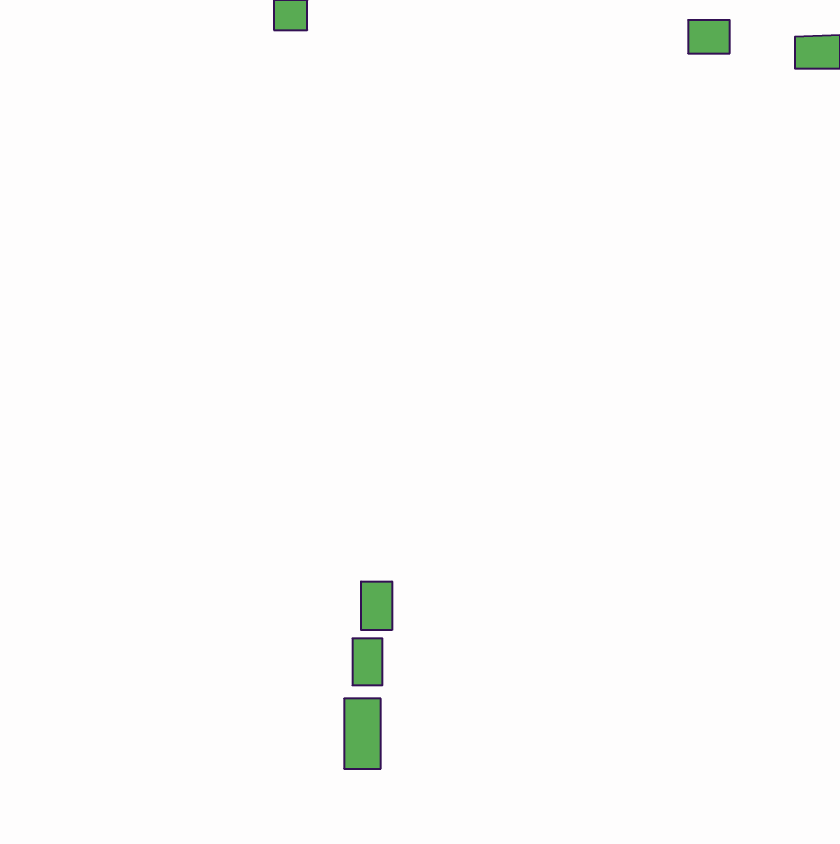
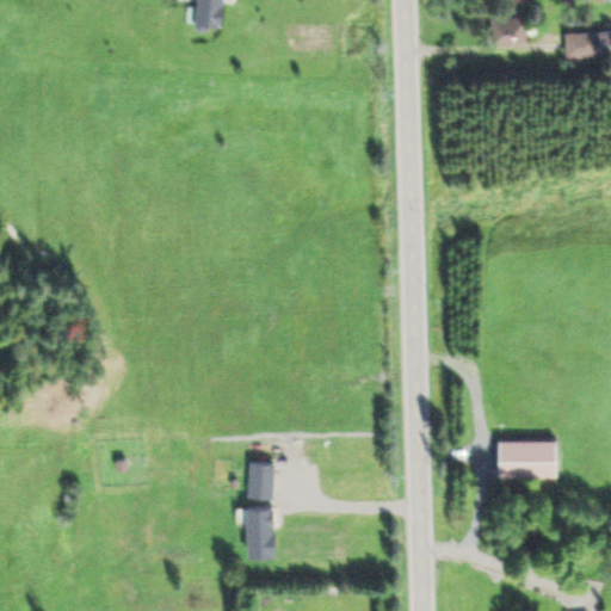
building: [361,581,392,630] -> none
building: none -> [495,442,551,476]

